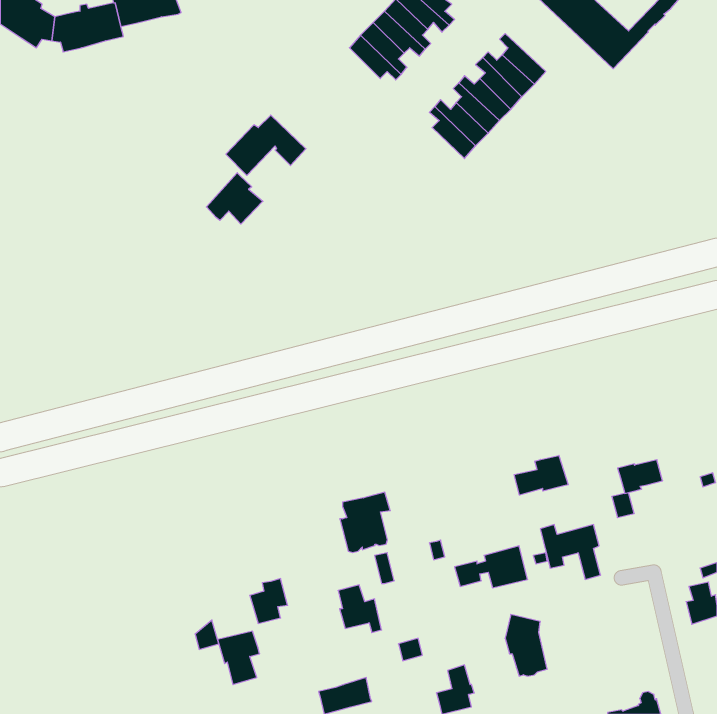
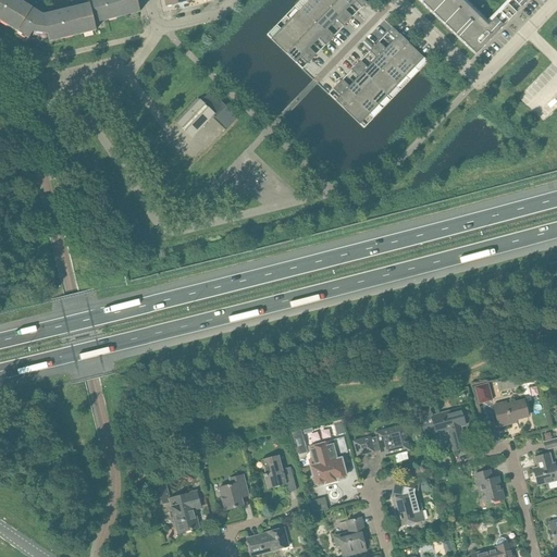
building: [206,173,263,224] -> none
building: [514,455,568,495] -> none
building: [618,460,663,493] -> [493,398,528,424]
building: [340,492,390,553] -> [308,436,347,483]
building: [250,579,288,623] -> [219,473,248,508]
building: none -> [474,469,504,502]

